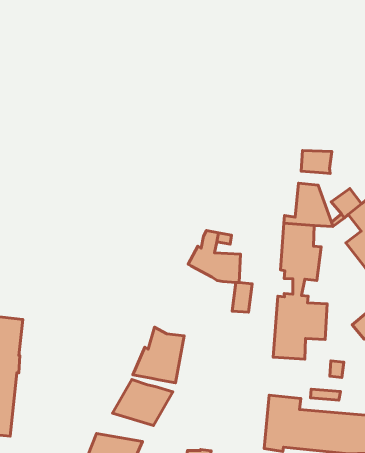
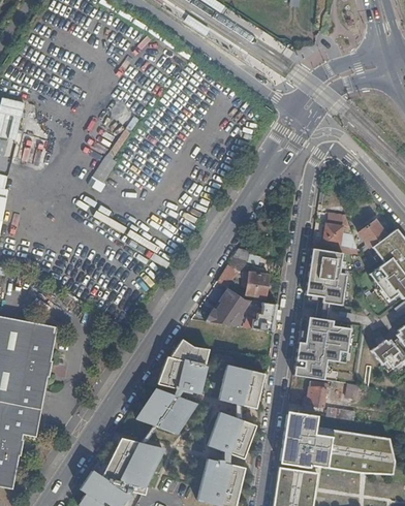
building: [301,151,332,174] -> none
building: none -> [210,284,250,326]
building: none -> [218,365,264,408]
building: none -> [307,382,328,409]
building: none -> [208,412,256,458]

